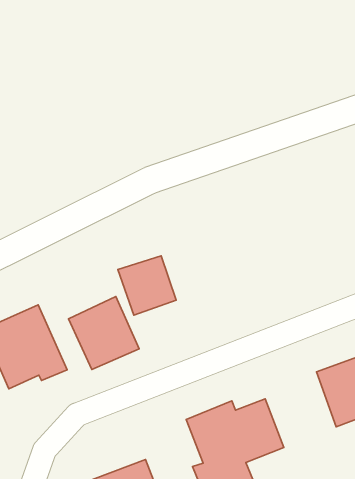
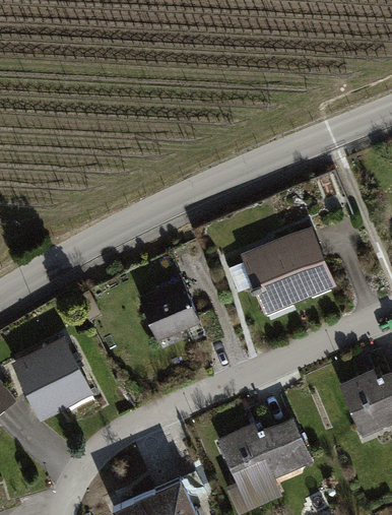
building: none -> [241,223,335,313]
building: [69,297,139,369] -> none

